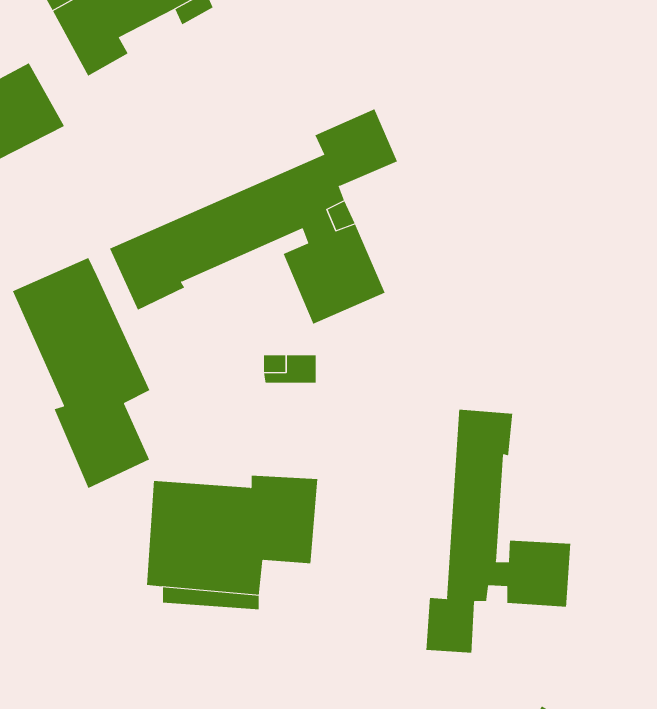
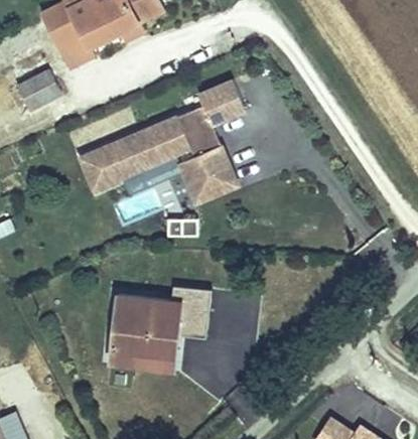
building: [12,257,150,489] -> none
building: [426,409,571,653] -> none

